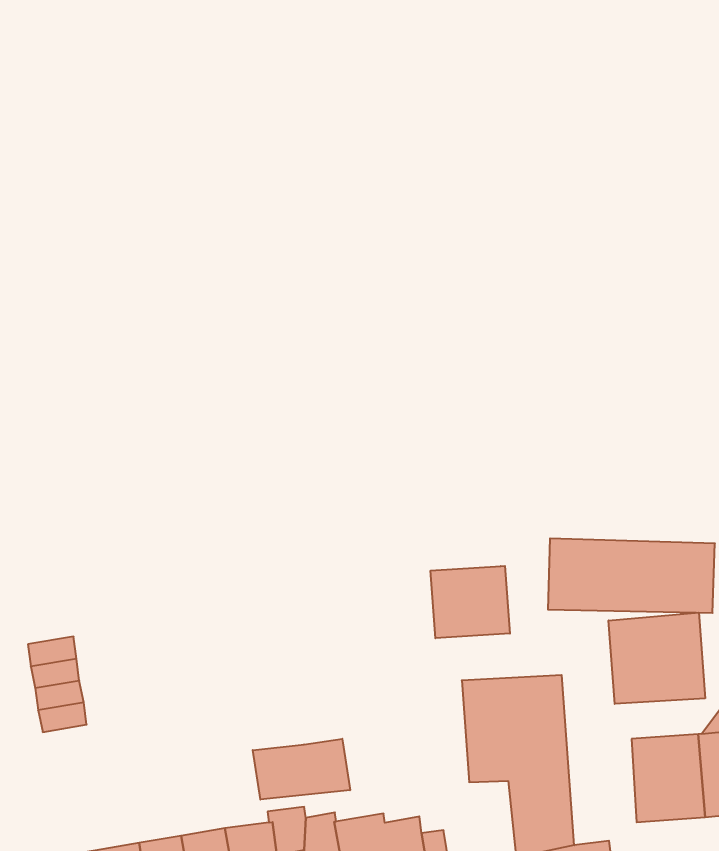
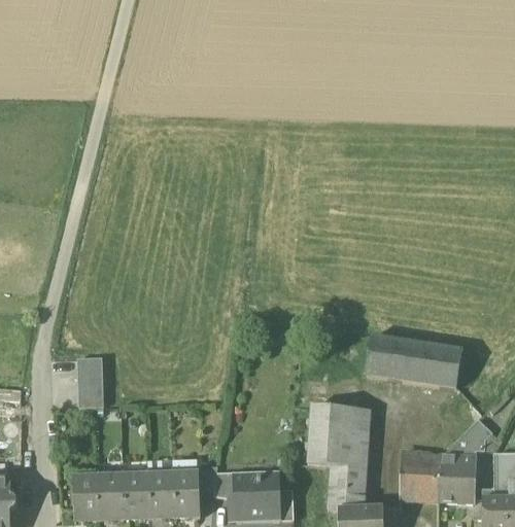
building: [431,566,510,638] -> none
building: [609,613,705,704] -> none
building: [253,739,350,800] -> none

